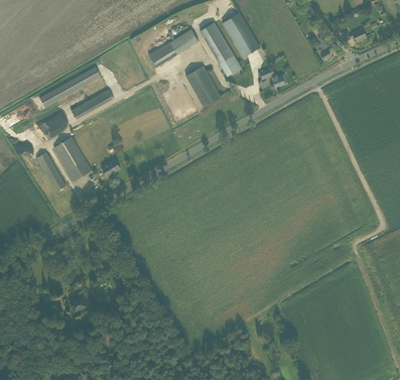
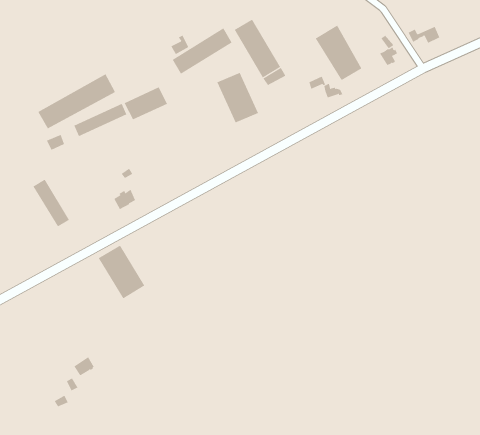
building: [222,11,260,56] -> [315,25,362,81]
building: none -> [124,87,168,120]
building: [53,136,92,180] -> [98,245,145,299]

